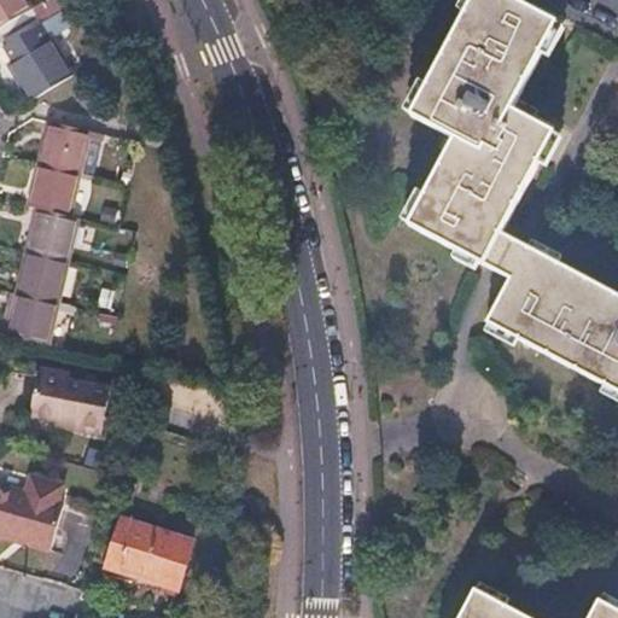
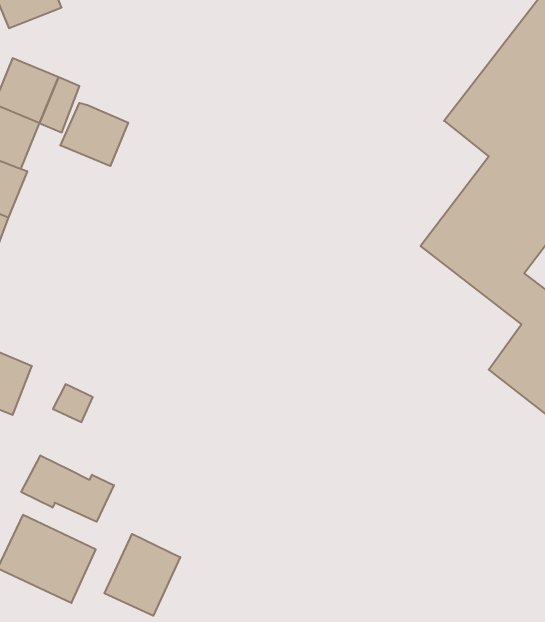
building: none -> [60,103,128,166]
building: none -> [21,455,114,522]
building: none -> [104,534,180,616]

